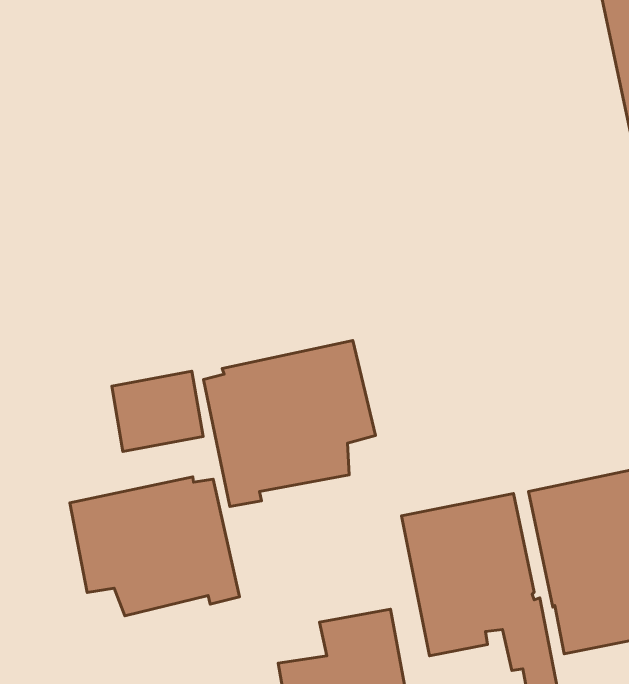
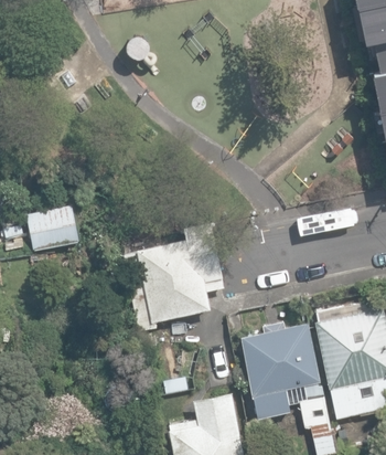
building: [112,371,203,451] -> [25,205,79,253]
building: [70,477,240,616] -> none

